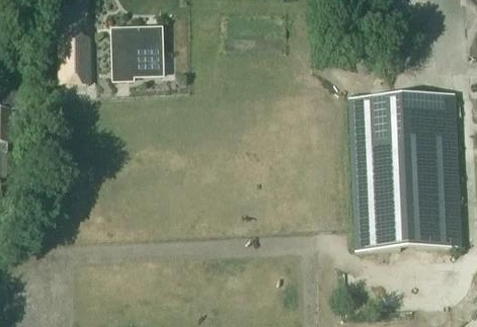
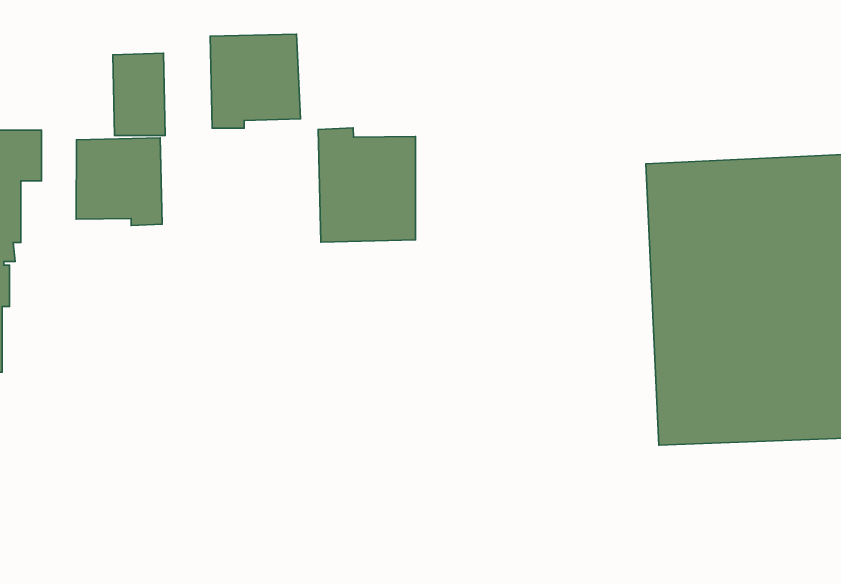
building: none -> [318,128,415,242]
building: none -> [76,138,162,225]

